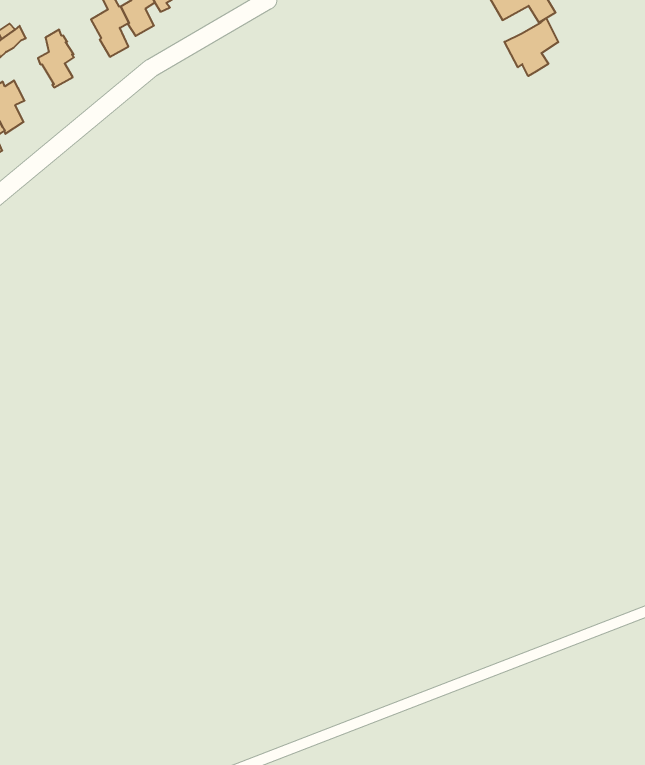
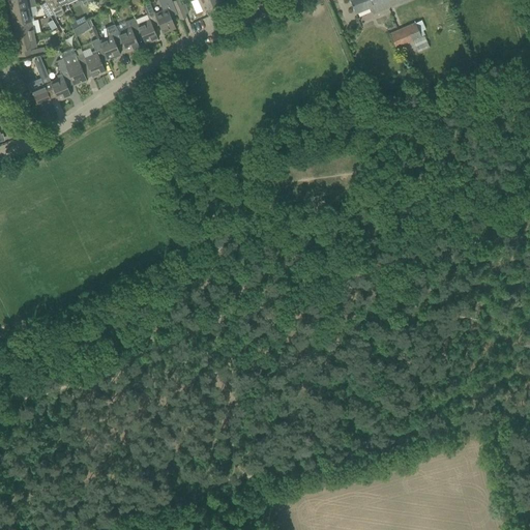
building: [504,18,558,76] -> none
building: none -> [118,18,141,51]
building: none -> [85,37,108,77]

